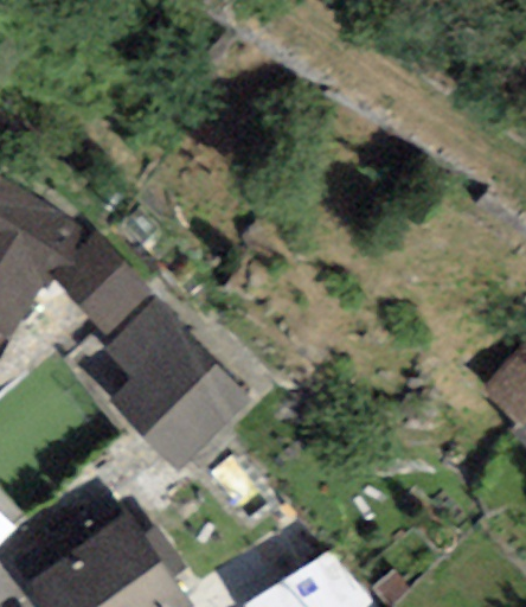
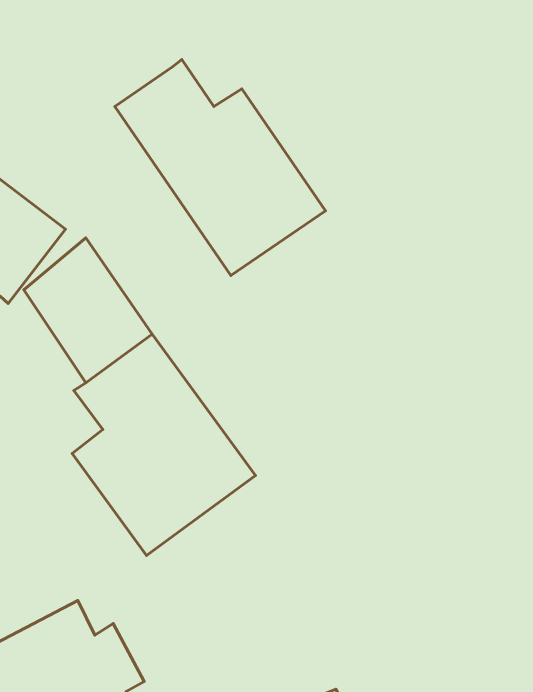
building: none -> [115,59,326,276]

